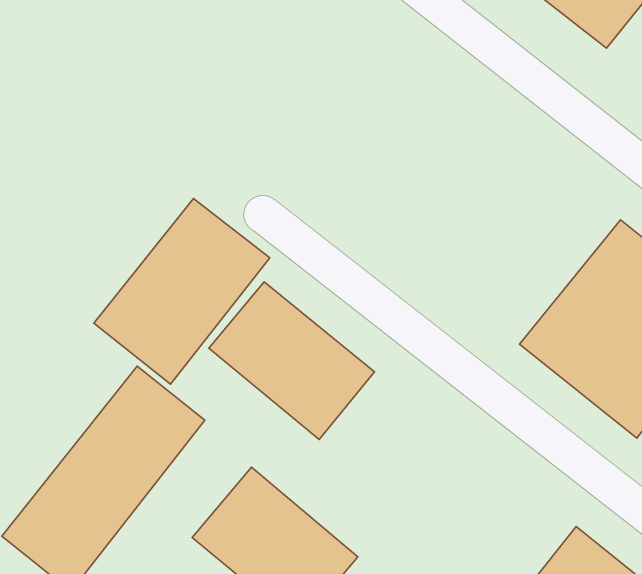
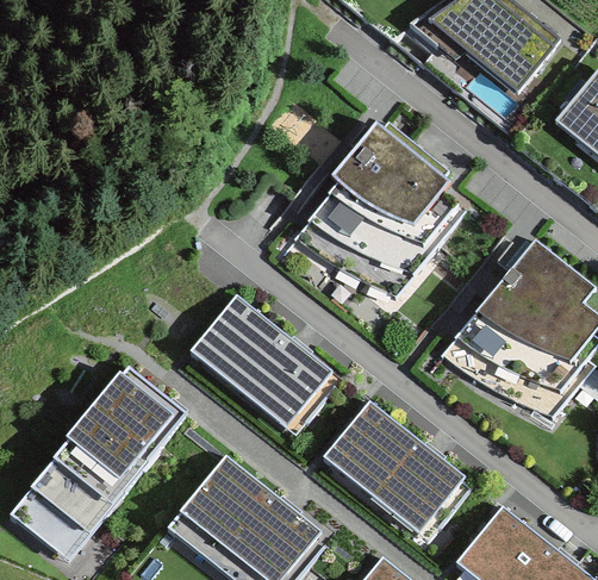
building: none -> [291,117,466,313]
building: [94,198,270,384] -> none
building: none -> [319,399,461,536]

